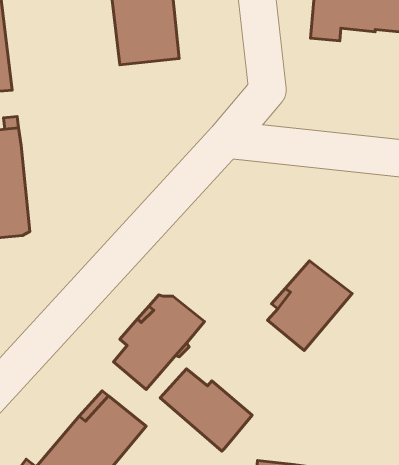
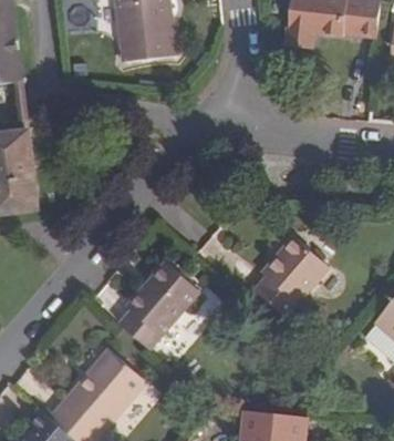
building: [160,369,252,451] -> none

